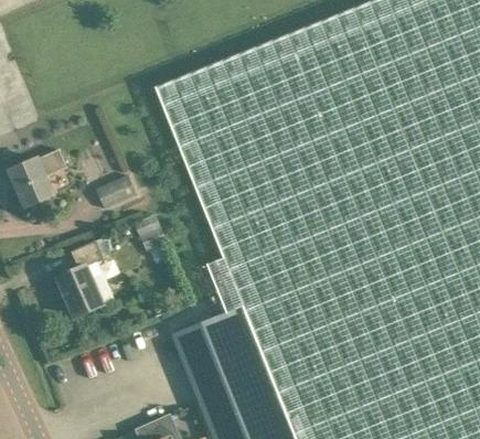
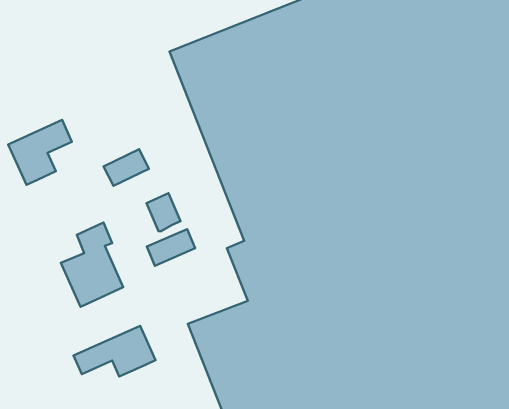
building: none -> [147,229,195,266]
building: none -> [73,326,156,376]

